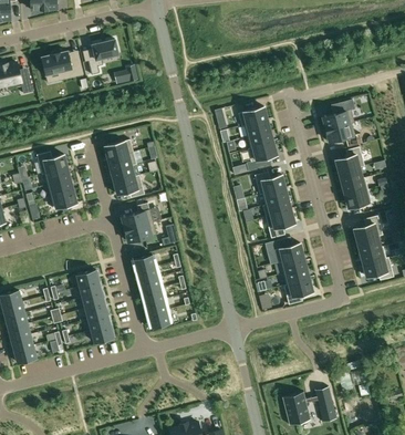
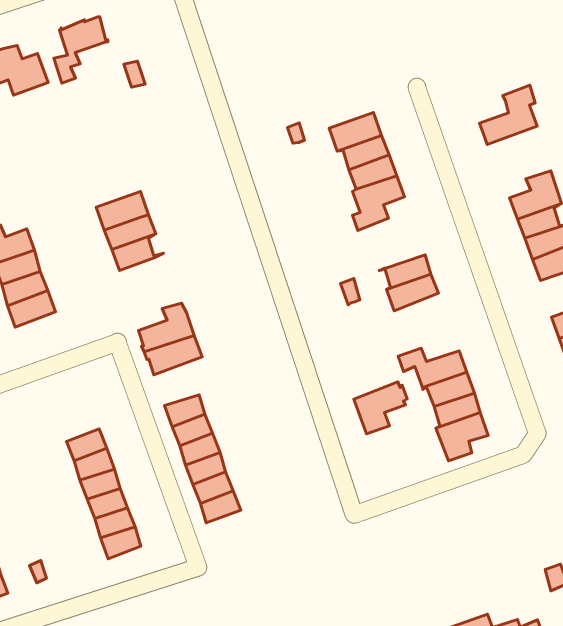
building: [325,122,359,144] -> none
building: [255,172,285,195] -> none
building: [114,175,144,198] -> none
building: [266,210,295,238] -> [354,382,407,434]

